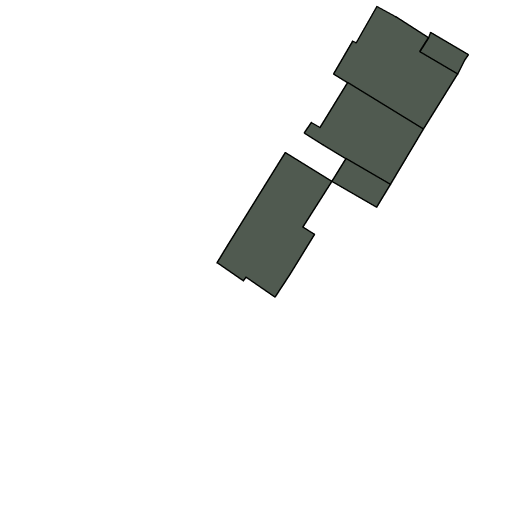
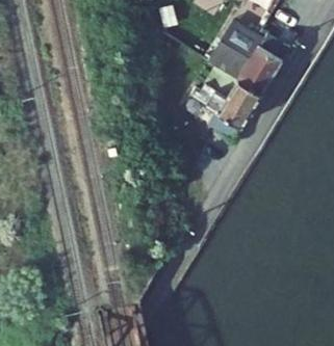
building: [217,153,332,297] -> none

